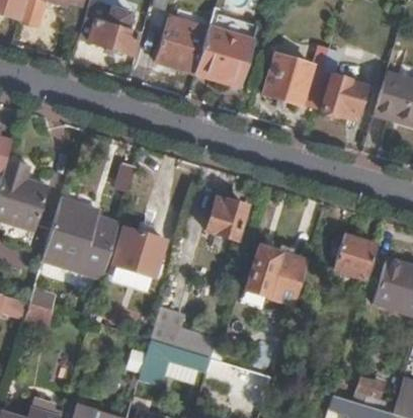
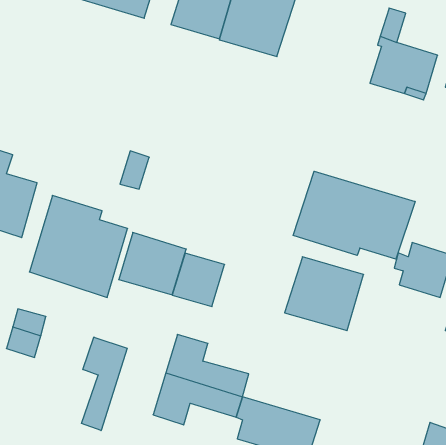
building: [262,53,322,108] -> none
building: none -> [293,171,415,259]
building: [205,196,247,239] -> [172,253,225,307]
building: none -> [81,337,127,431]

